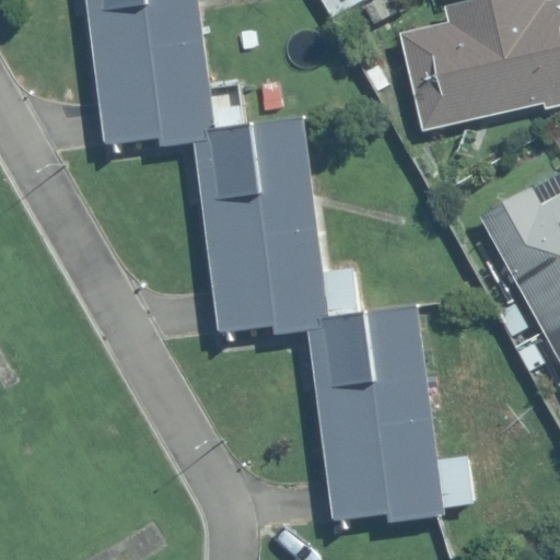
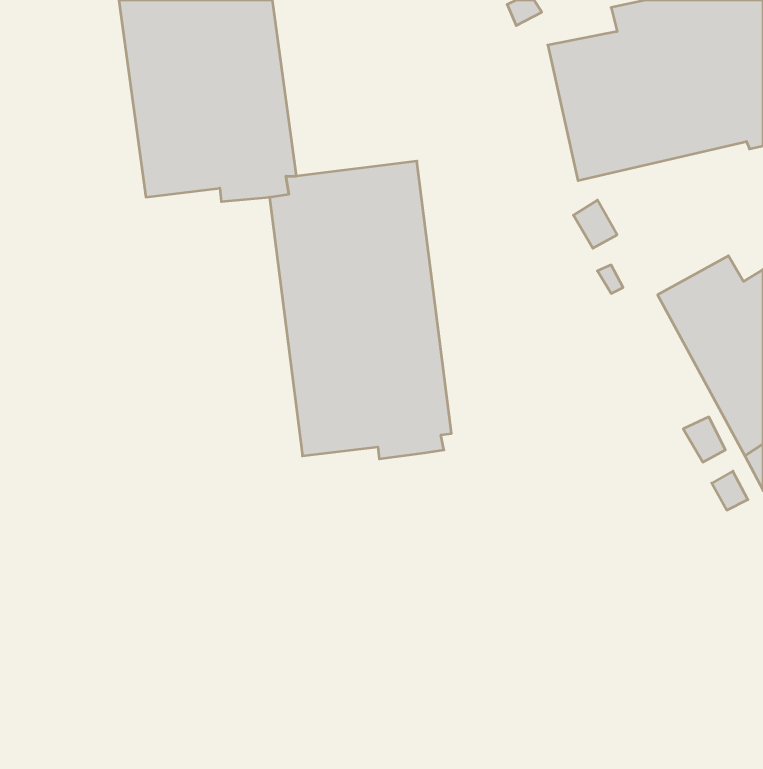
building: [308,304,444,521] -> none

